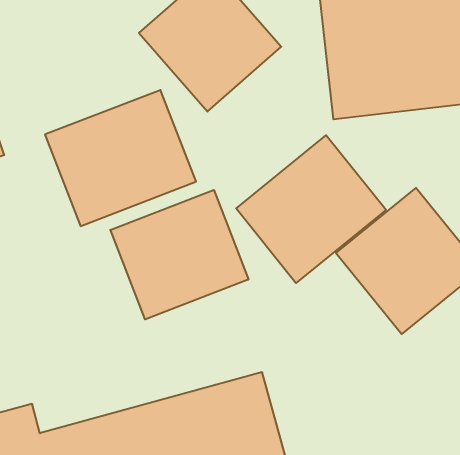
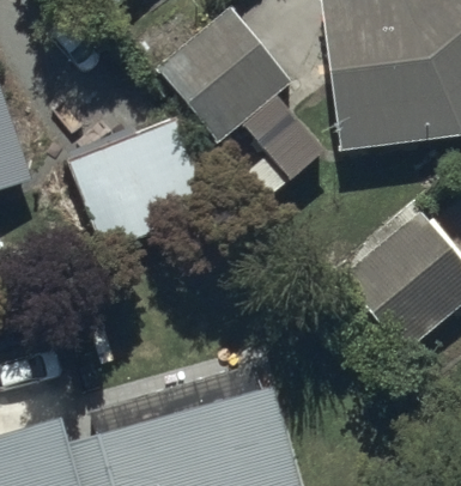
building: [236,135,386,283] -> none
building: [110,190,248,319] -> none

